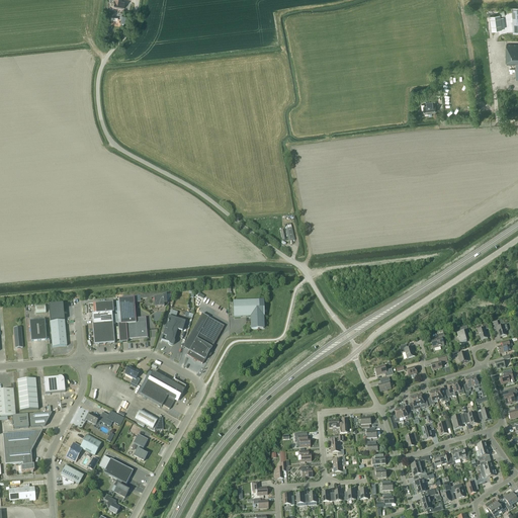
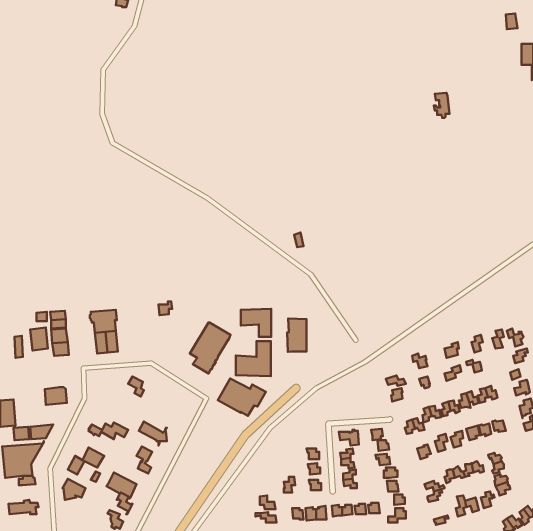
building: [118,293,147,341] -> none
building: none -> [287,319,307,352]
building: [161,316,185,344] -> none
building: none -> [236,341,271,376]
building: [140,371,186,408] -> [218,378,266,416]
building: [17,377,38,410] -> none

